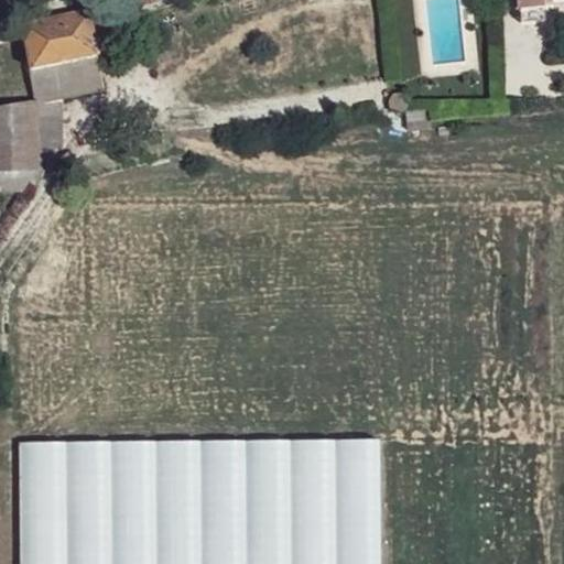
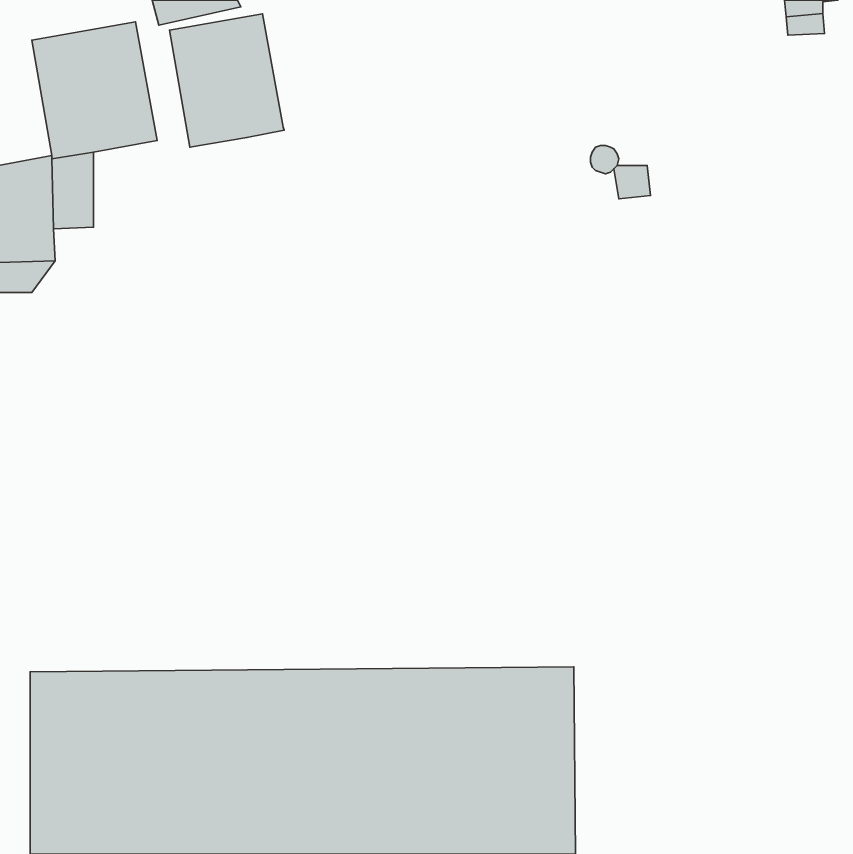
building: none -> [170,14,284,147]

